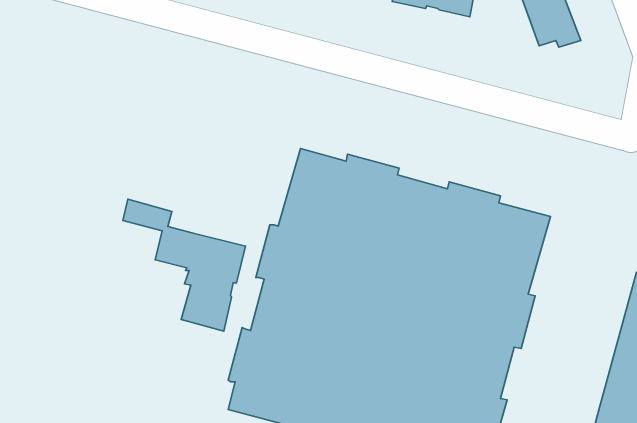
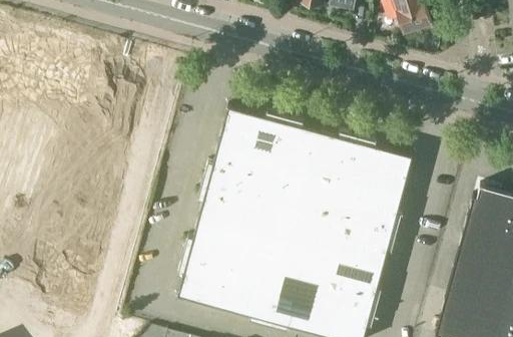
building: [123,199,246,331] -> none

